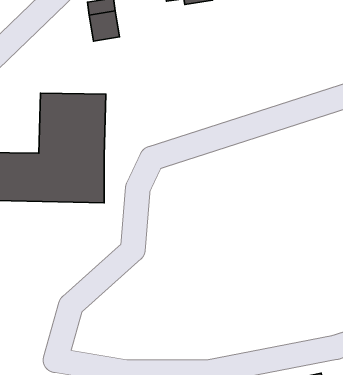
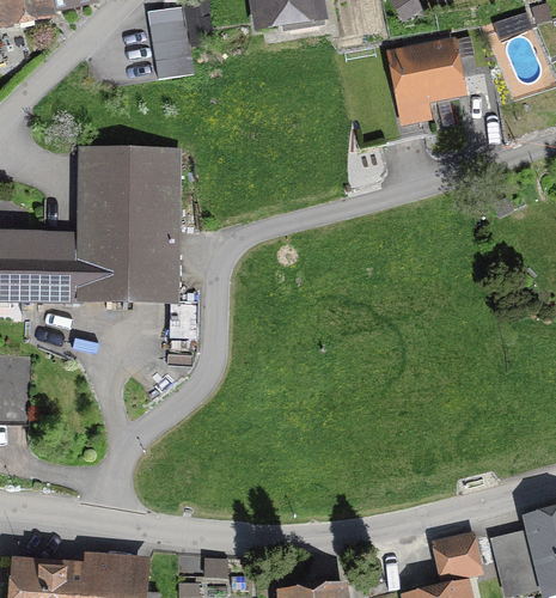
building: none -> [391,43,457,102]

